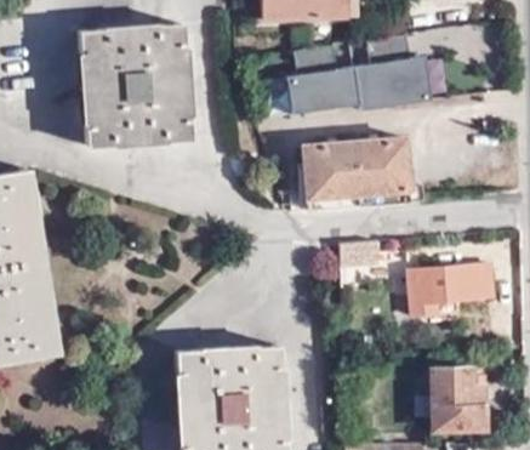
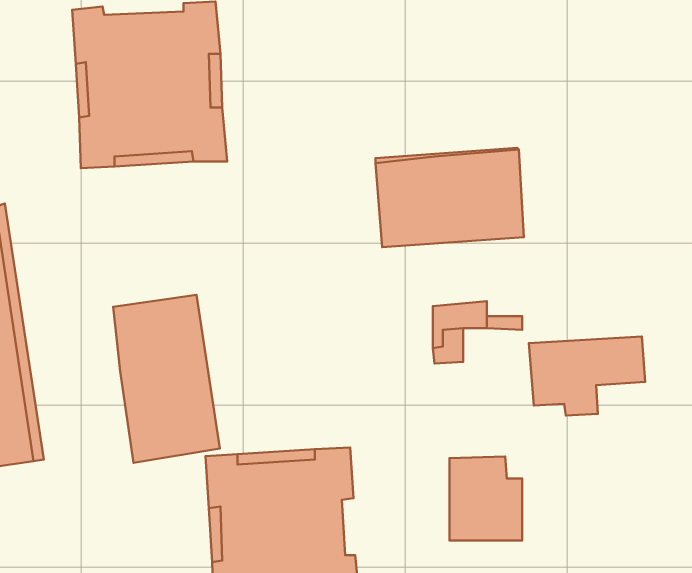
building: [285,35,468,112] -> none
building: none -> [113,295,220,463]
building: [433,370,485,431] -> [450,456,522,541]

